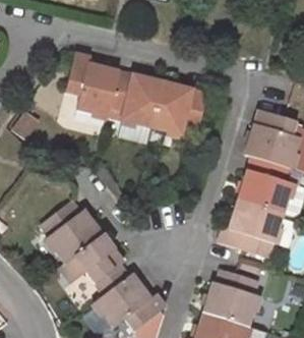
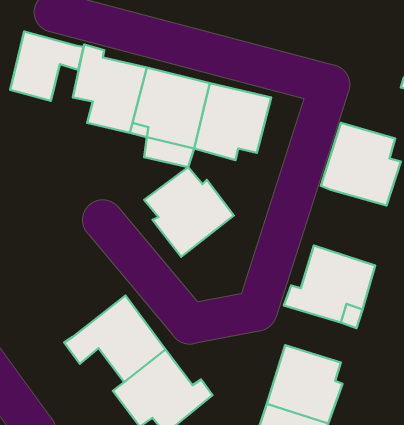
building: none -> [10,32,84,101]
building: [239,158,292,212] -> none
building: [41,199,105,263] -> [144,167,234,257]

